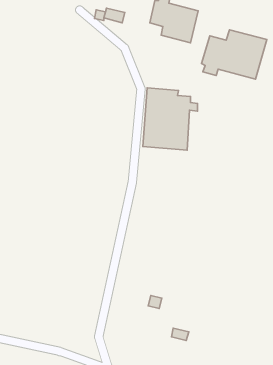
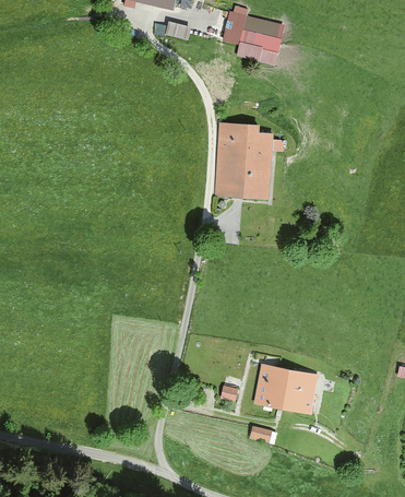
building: [201,30,267,79] -> none
building: none -> [254,364,317,413]

